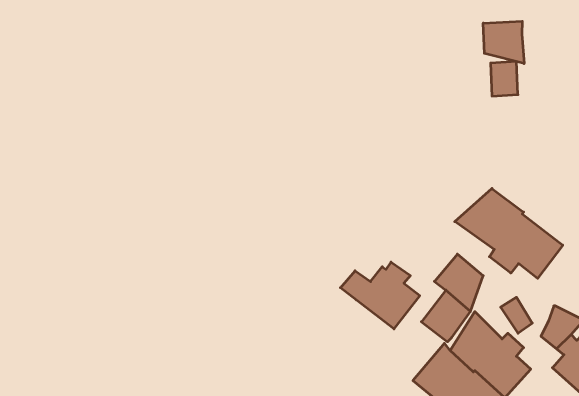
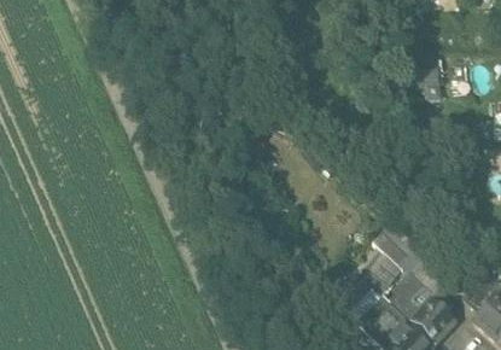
building: [483,21,524,64] -> none
building: [455,188,563,278] -> none
building: [340,262,420,329] -> none

